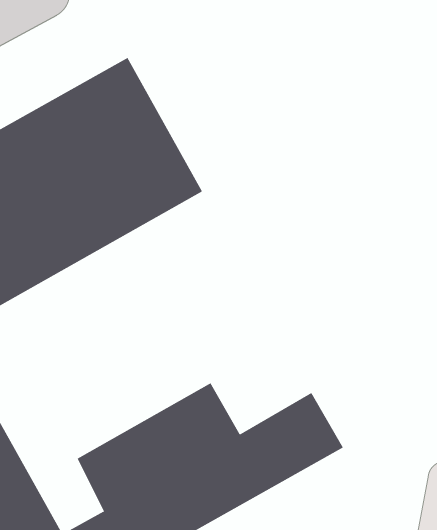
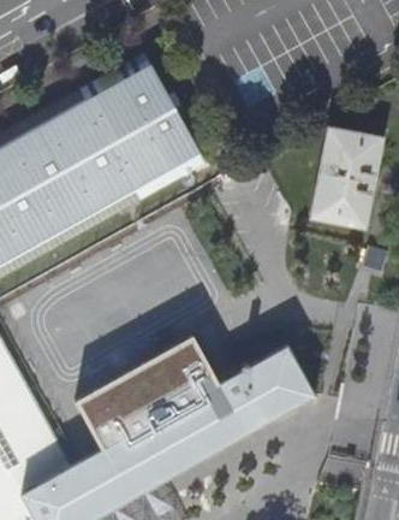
building: none -> [311,126,383,229]

